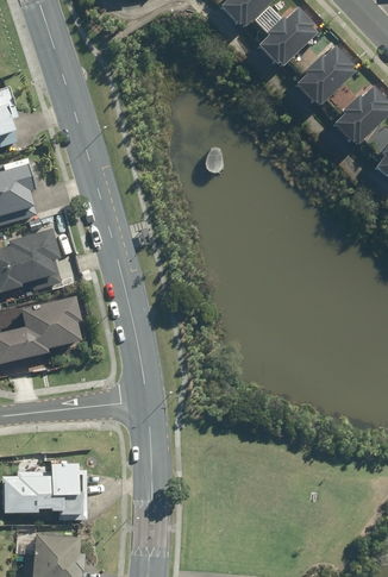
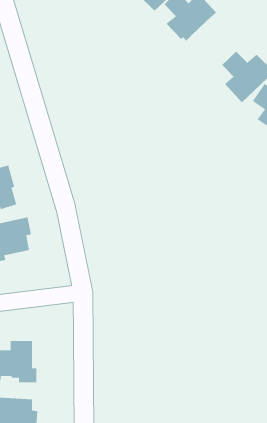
building: [289,43,357,109] -> none

